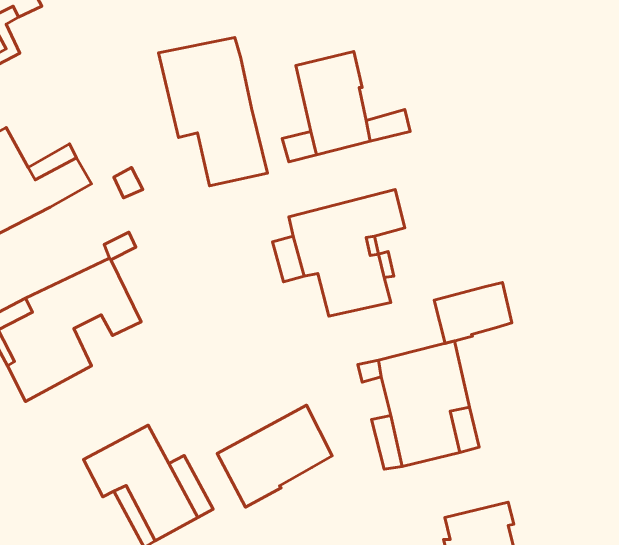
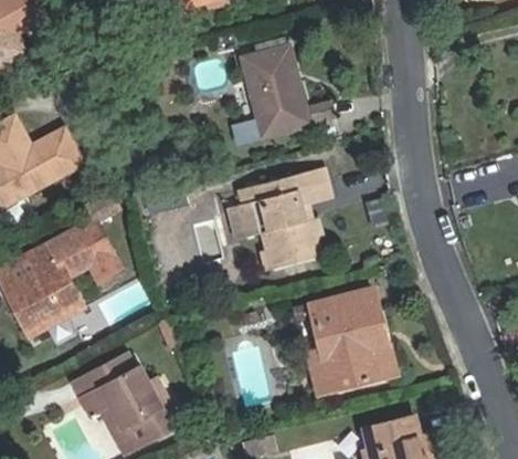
building: [159,37,267,186] -> none
building: [434,282,512,343] -> none
building: [217,405,332,507] -> none

